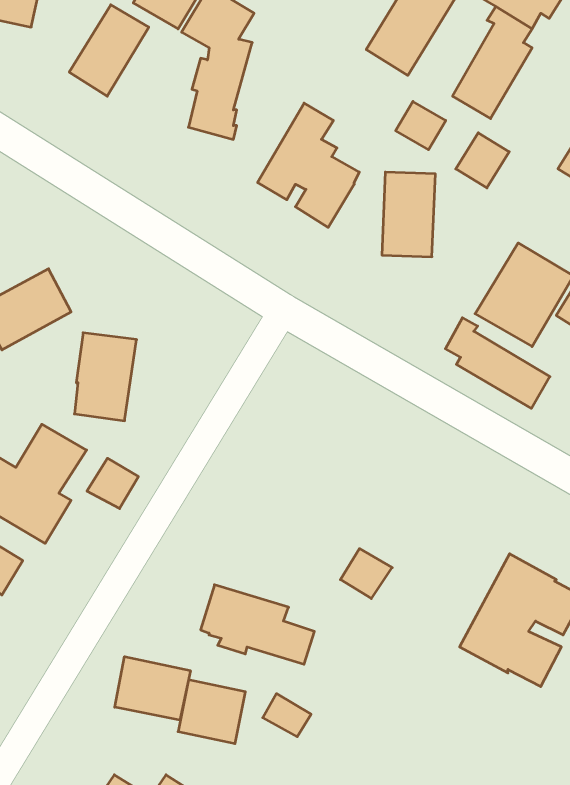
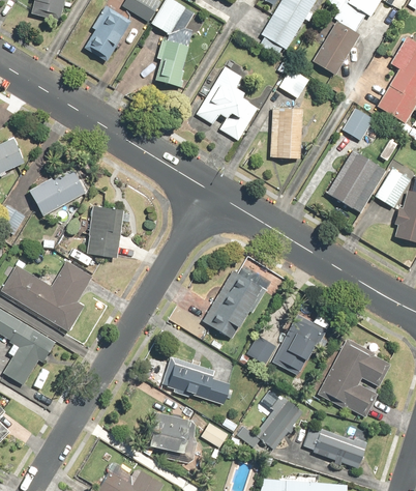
building: [456,133,509,188] -> [341,109,374,142]
building: [445,318,550,408] -> none
building: none -> [202,269,271,339]
building: [87,458,138,509] -> none
building: none -> [271,314,326,375]
building: none -> [236,397,302,450]
building: [115,657,190,720] -> none
building: none -> [305,429,366,468]

